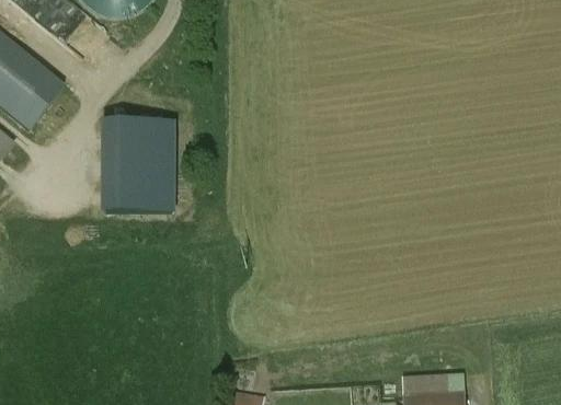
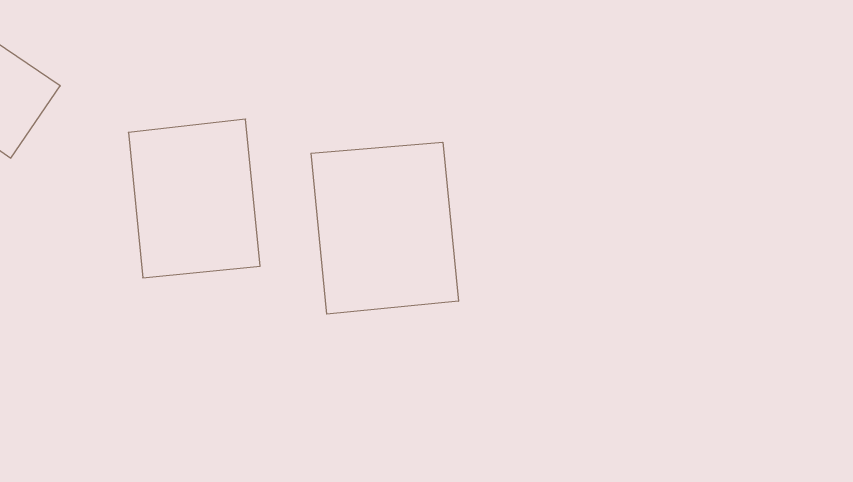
building: none -> [311,142,458,314]

